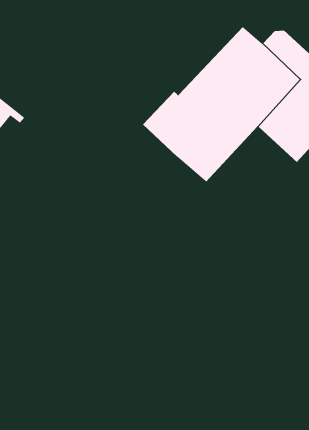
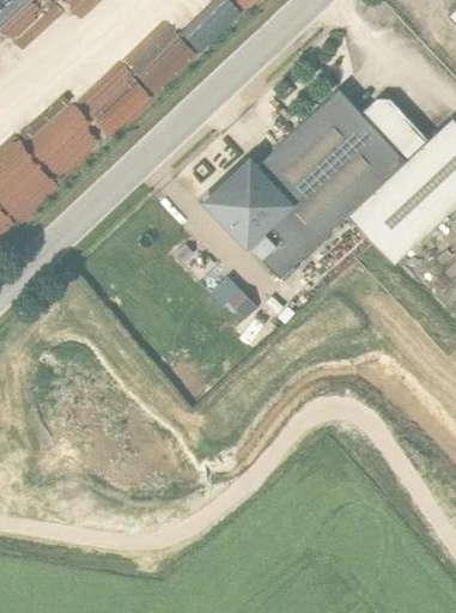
building: none -> [215,273,261,318]

